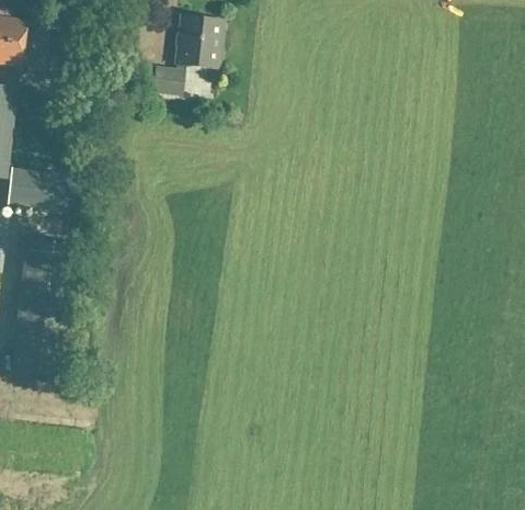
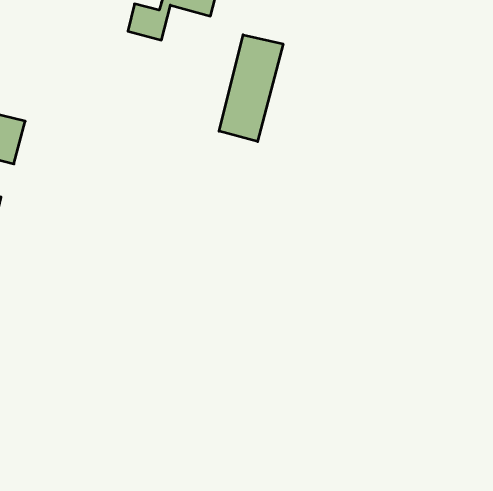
building: none -> [219,35,283,142]

